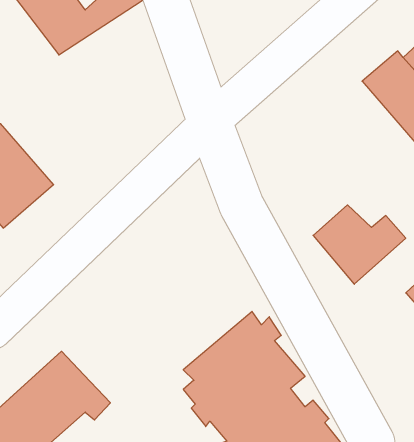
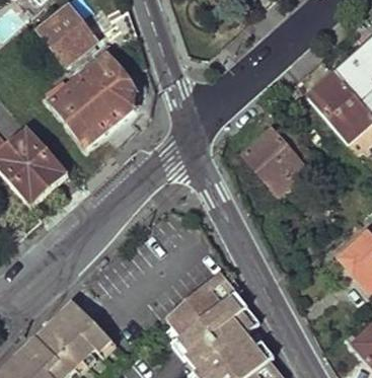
building: none -> [52,56,138,147]
building: [313,205,406,284] -> [244,133,315,194]

